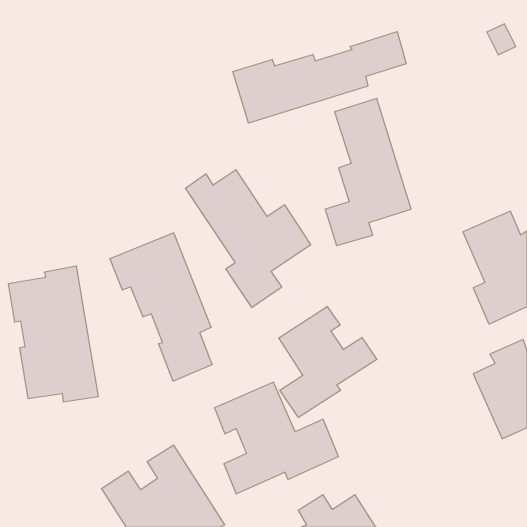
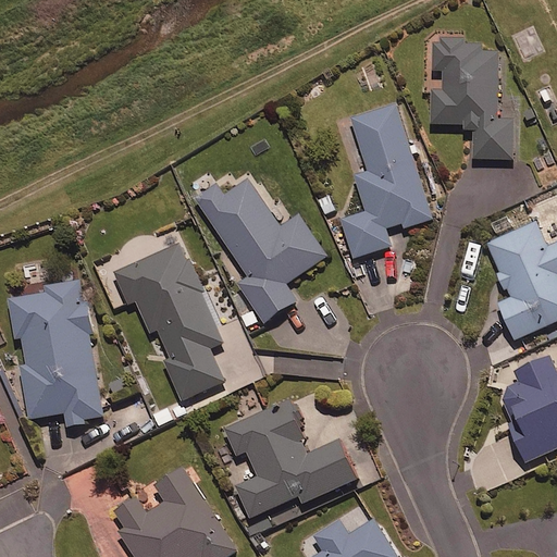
building: [233,32,406,123] -> none
building: none -> [430,37,513,159]
building: [279,306,377,417] -> none

